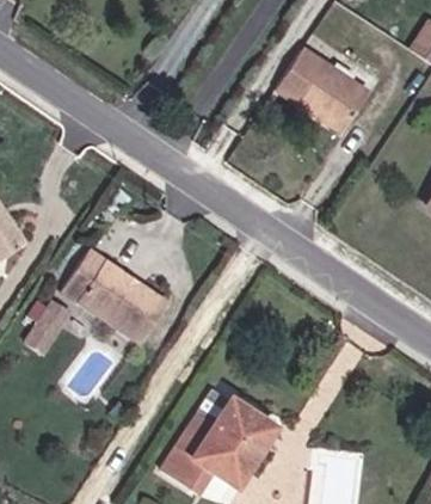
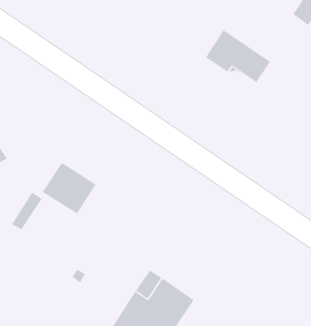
building: [115,271,167,328] -> none

